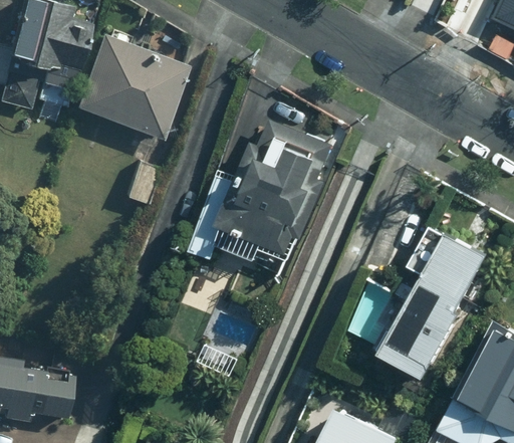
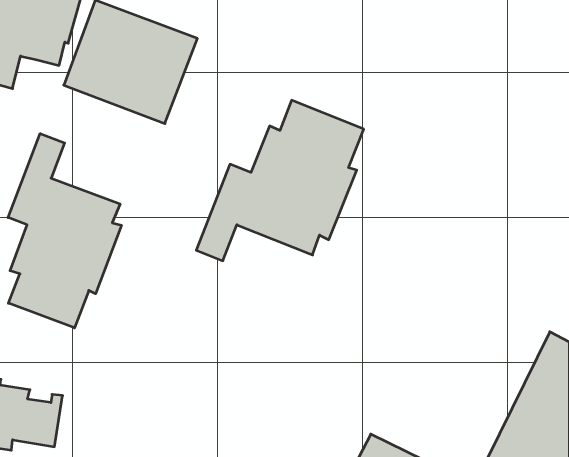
building: none -> [8,134,121,328]
building: [382,235,488,379] -> none

